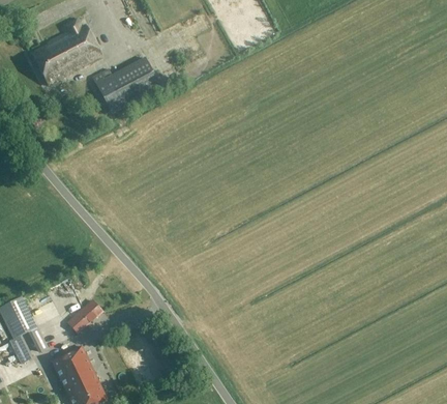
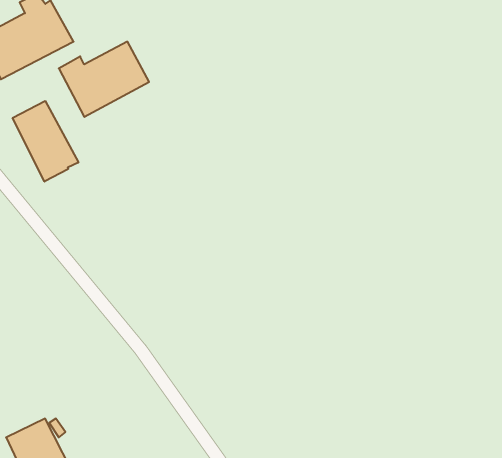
building: none -> [13,101,78,182]
building: [67,300,101,333] -> none

